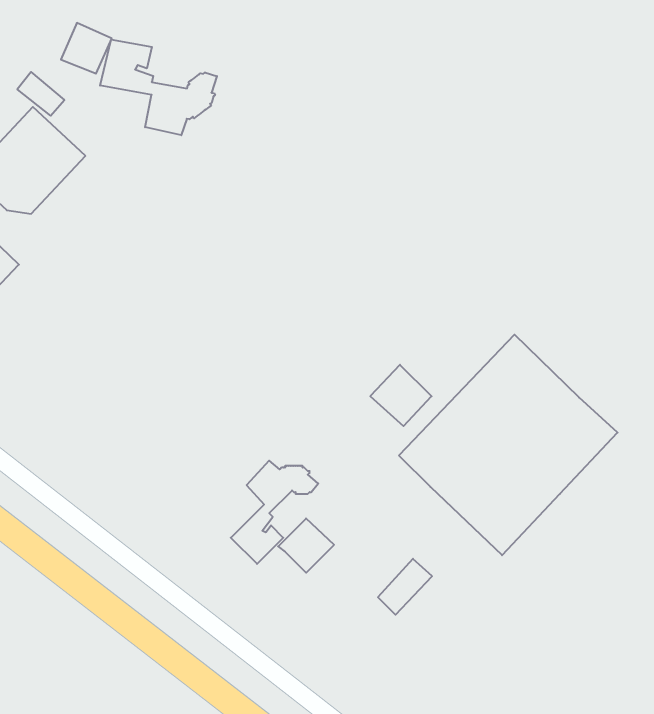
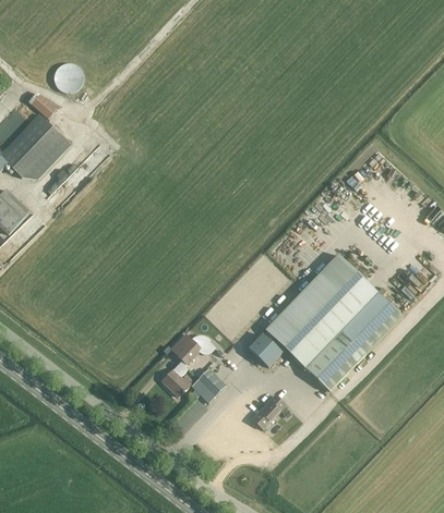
building: [100,40,217,135] -> none
building: [370,365,432,426] -> [247,329,285,367]

